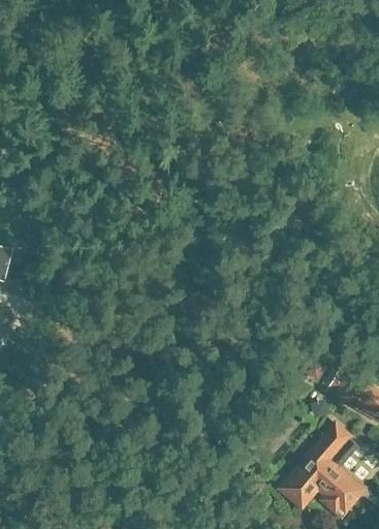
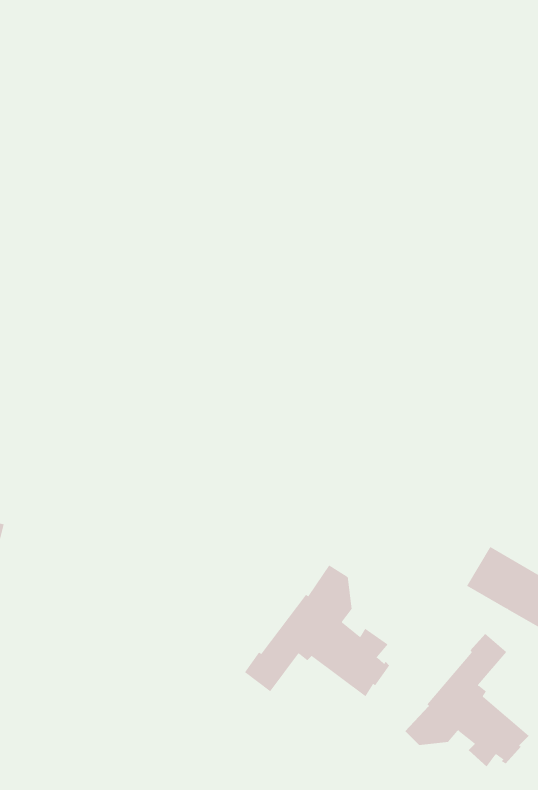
building: none -> [244,564,390,697]

